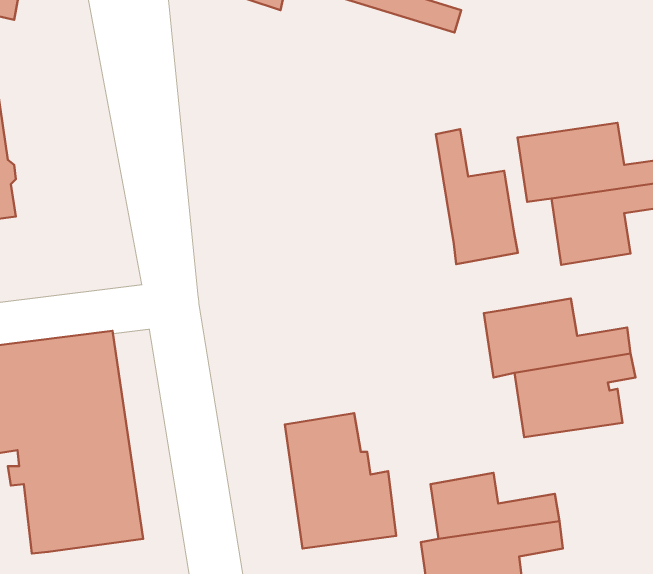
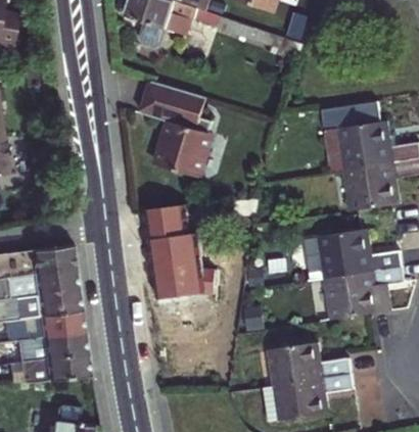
building: none -> [132,88,203,187]
building: [436,129,518,264] -> none
building: [285,413,396,549] -> [137,218,207,303]

